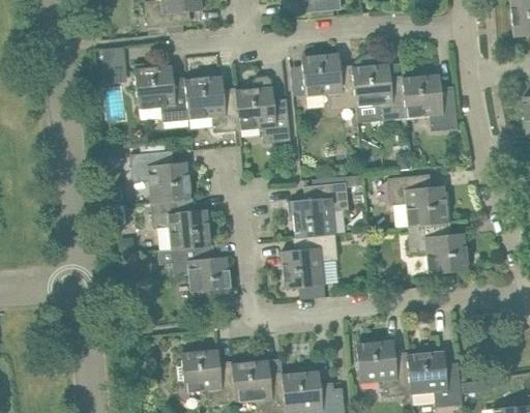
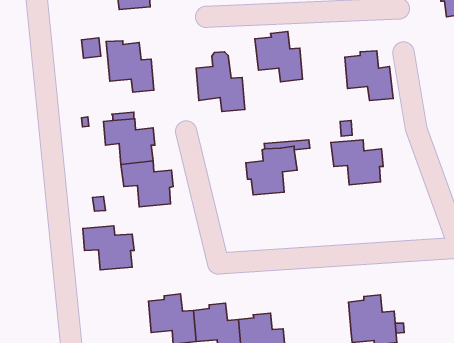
building: [353,54,407,119] -> none
building: [185,75,239,131] -> none
building: [409,222,467,273] -> none
building: [282,233,338,287] -> none
building: [172,246,230,296] -> [83,226,134,270]
building: [357,338,411,394] -> none

